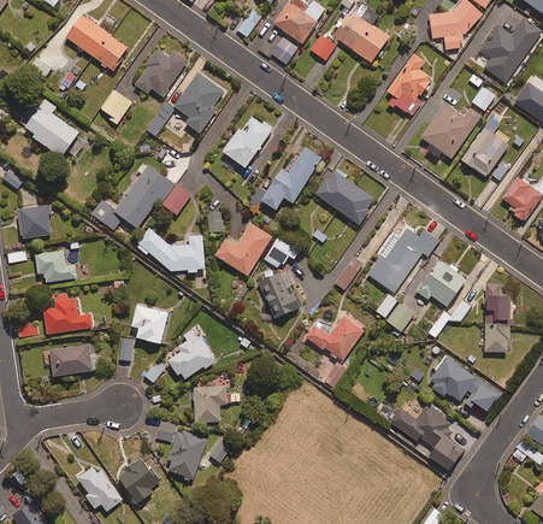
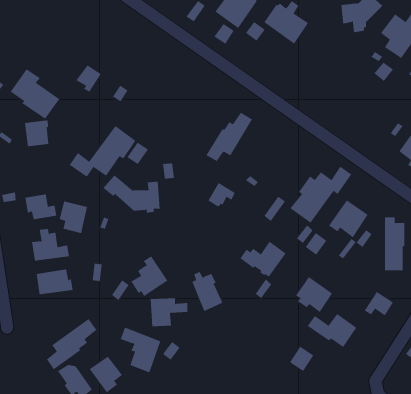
building: [66,16,128,70] -> none
building: [135,51,185,96] -> none
building: [386,53,432,116] -> none
building: [175,73,224,134] -> none
building: [421,105,480,159] -> none
building: [223,116,272,169] -> none
building: [461,118,508,177] -> none
building: [315,167,376,225] -> none
building: [19,205,51,239] -> [24,120,49,147]
building: [214,223,272,276] -> none
building: [260,269,300,319] -> [191,271,223,312]
building: [131,305,167,346] -> [59,201,88,234]
building: [427,351,474,396] -> [295,276,333,313]
building: none -> [46,318,97,370]
building: [432,432,464,465] -> [289,346,314,372]

